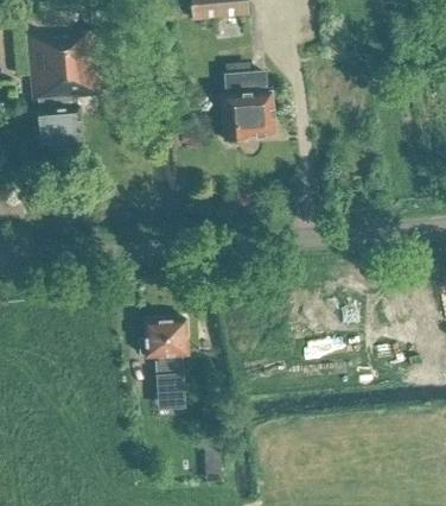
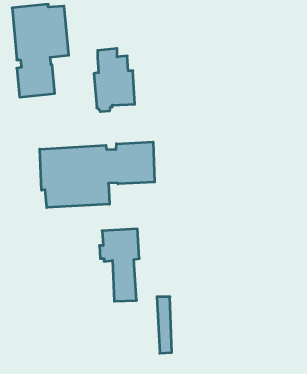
building: [221,63,273,144] -> [94,48,135,112]
building: none -> [40,142,155,208]

